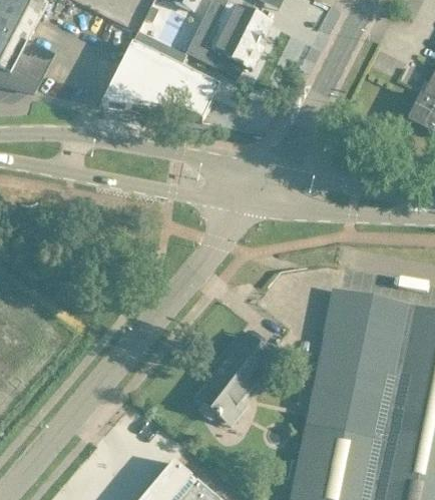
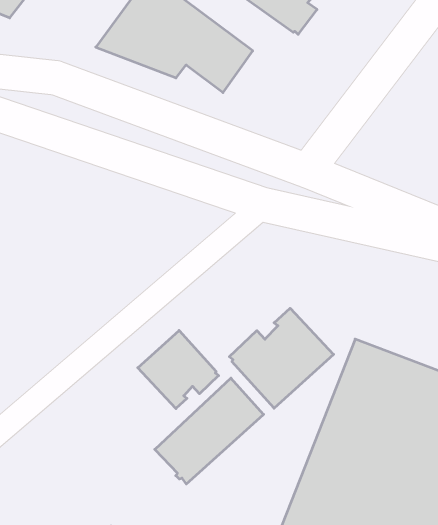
building: none -> [229,308,334,408]
building: none -> [138,330,219,409]

